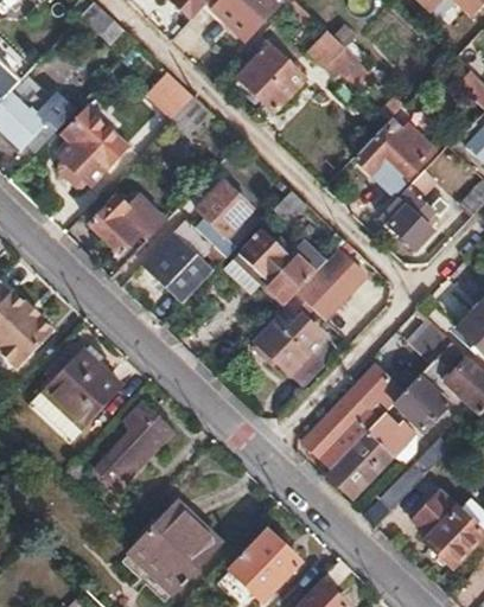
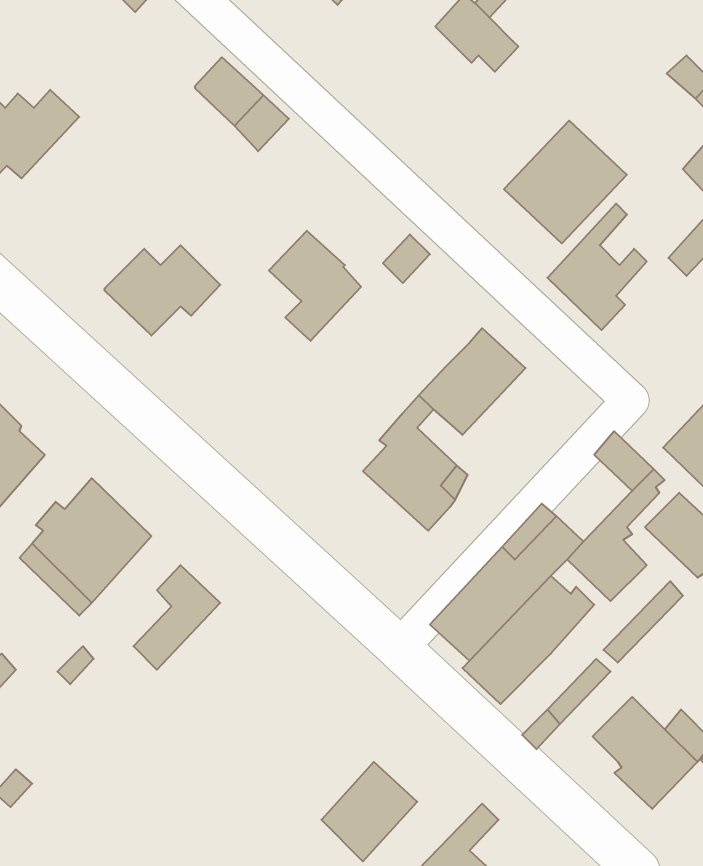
building: [240,46,300,109] -> none
building: [55,108,125,189] -> none
building: [240,230,326,305] -> none
building: [144,235,211,302] -> none
building: [132,504,216,590] -> none

